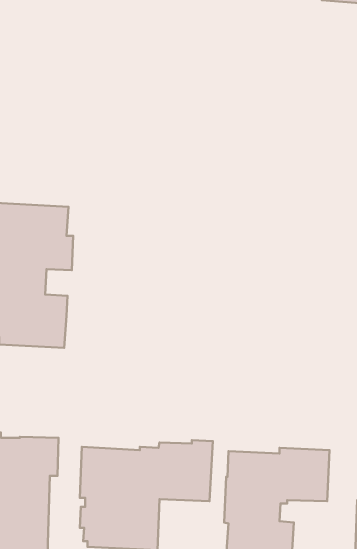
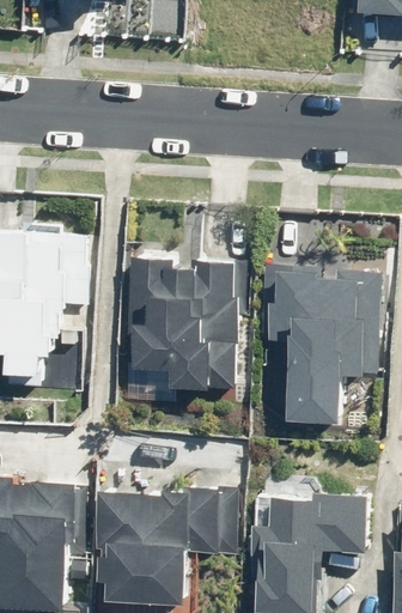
building: none -> [130,260,239,390]
building: none -> [268,268,382,424]

